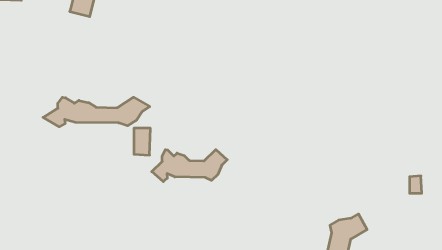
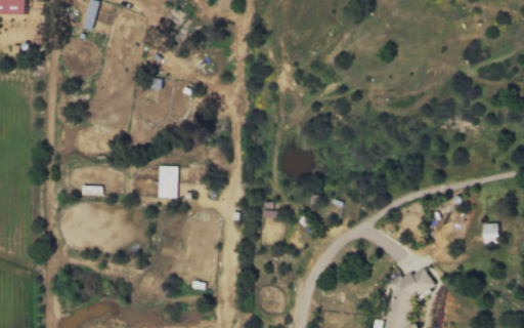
building: [43,97,150,127] -> none
building: [152,150,227,182] -> none

